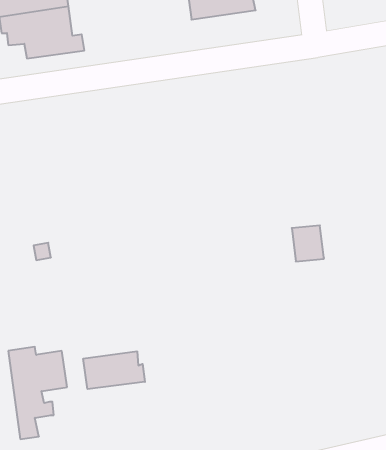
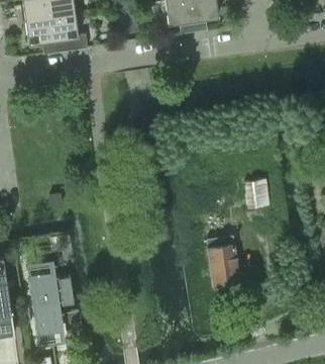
building: none -> [207,235,239,286]
building: [83,351,145,389] -> none

